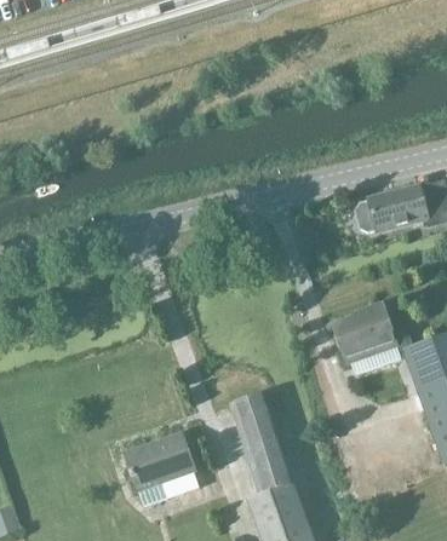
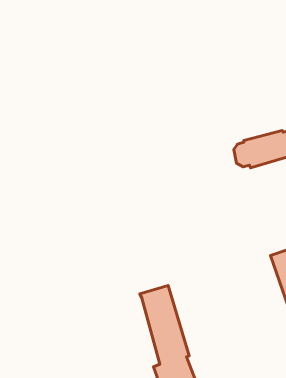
building: [333,304,413,361] -> none
building: [125,432,195,505] -> none

